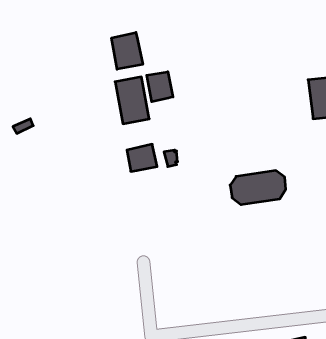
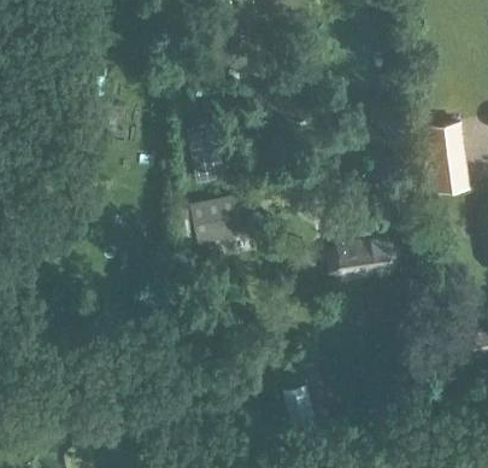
building: [112,32,143,69] -> none
building: [147,72,173,102] -> none

